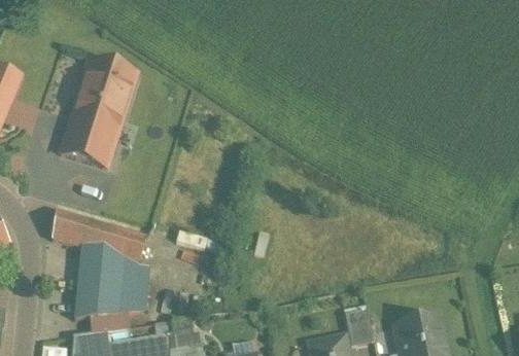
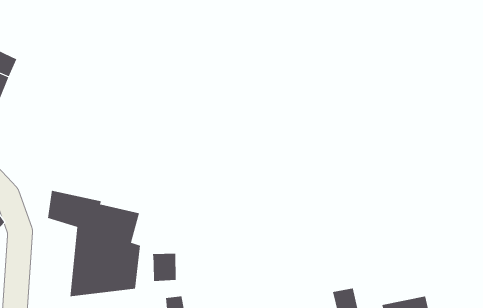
building: [62,59,137,168] -> none
building: none -> [153,253,176,282]

